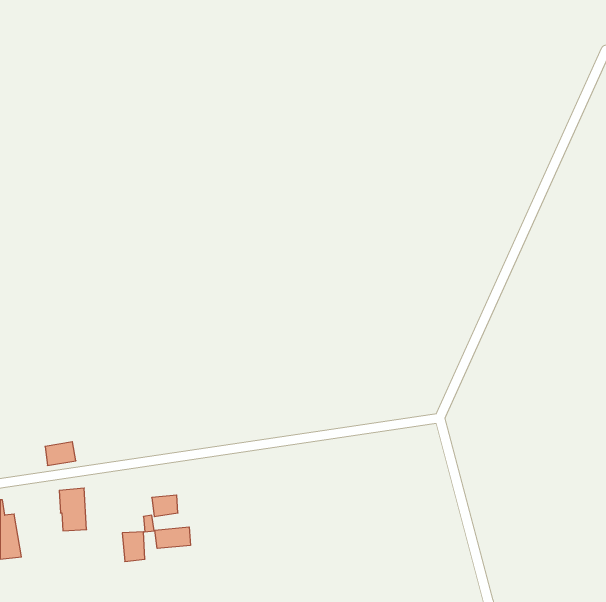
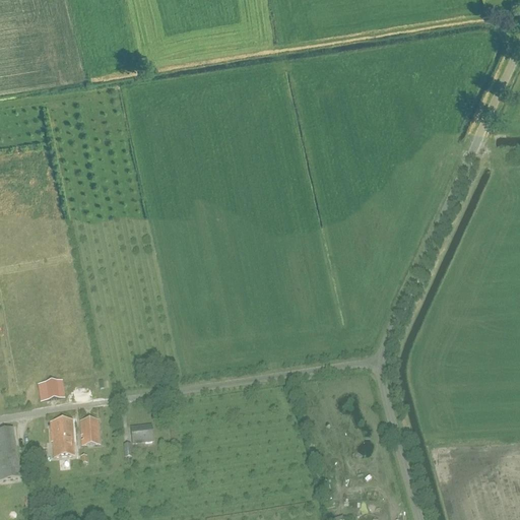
building: [155,527,190,548] -> none
building: [122,532,145,561] -> [80,417,100,443]

